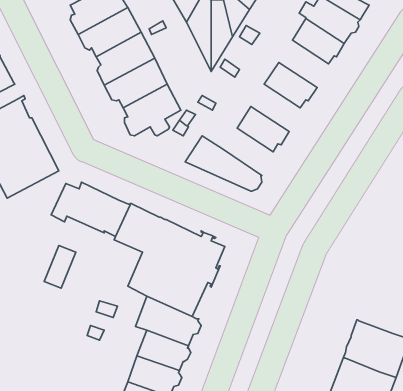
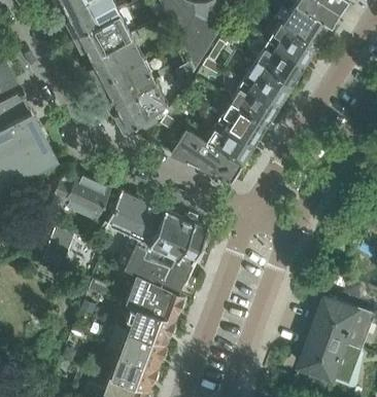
building: none -> [256,42,302,85]
building: none -> [231,82,276,125]
building: none -> [206,122,251,166]

